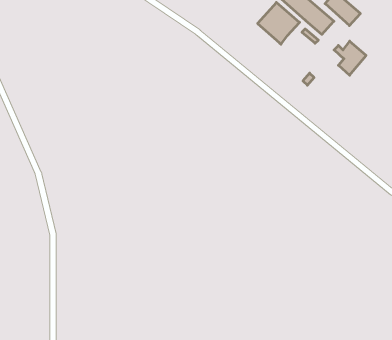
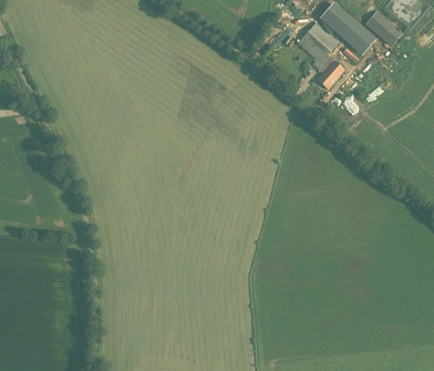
building: [334,41,366,75] -> [312,55,344,90]

